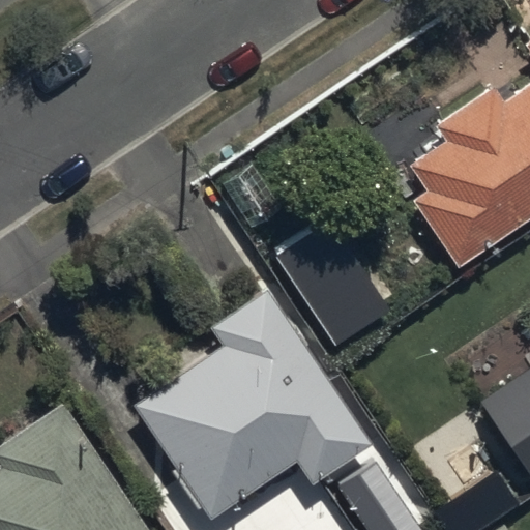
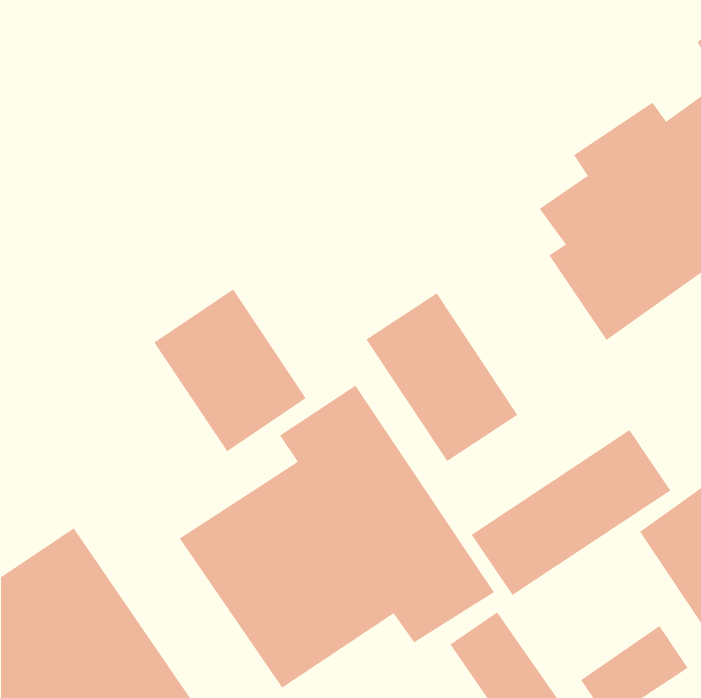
building: none -> [154,289,307,452]
building: none -> [471,429,671,596]

